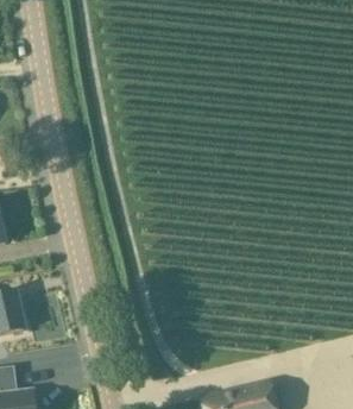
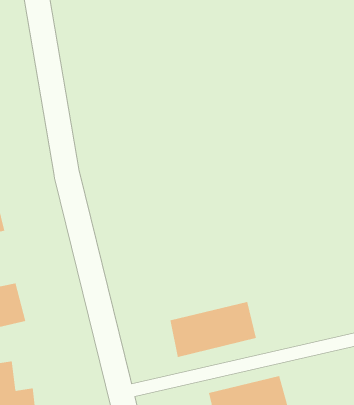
building: none -> [170,301,257,358]

